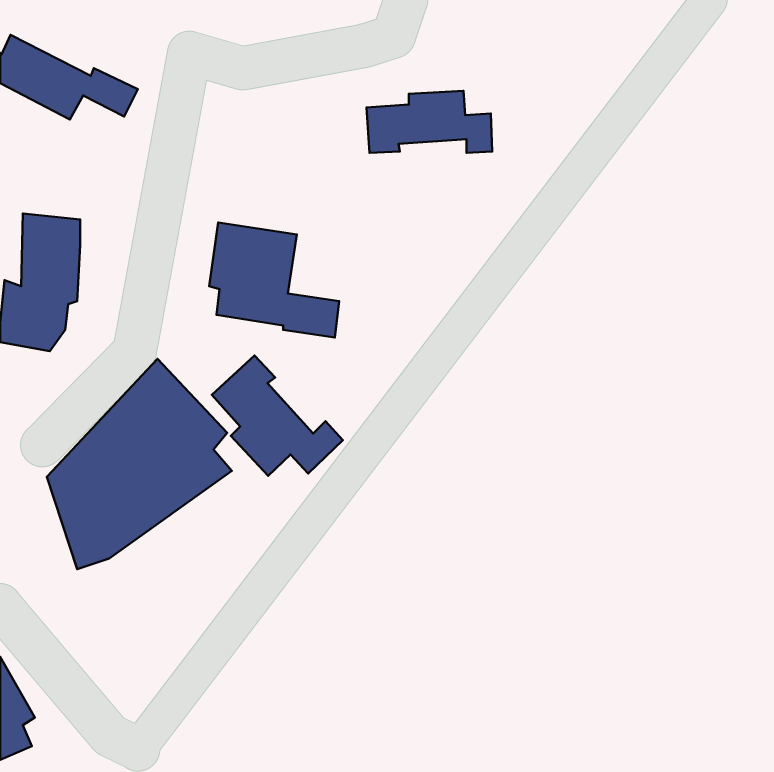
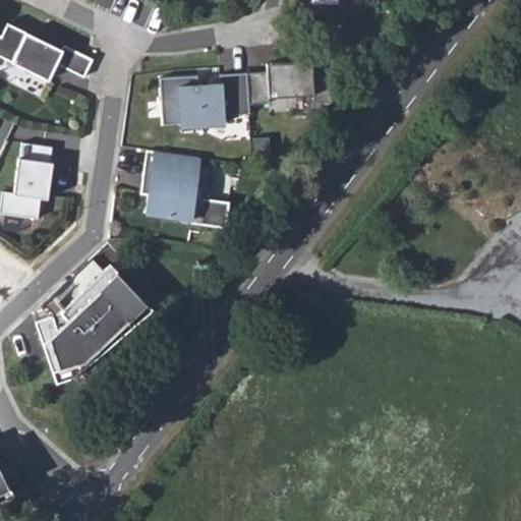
building: none -> [159,73,248,125]
building: [212,356,343,476] -> none

